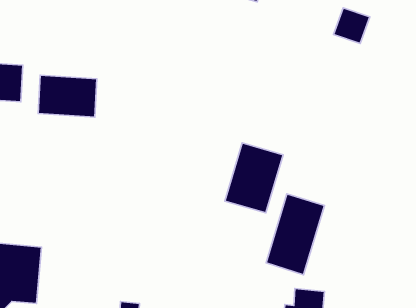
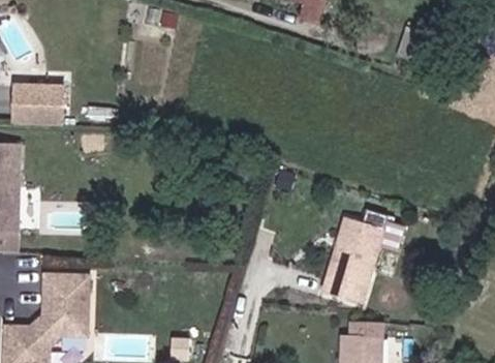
building: [38,75,97,117] -> none
building: [225,143,283,213] -> none

